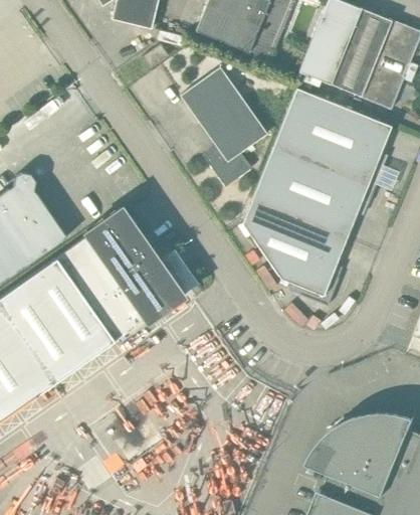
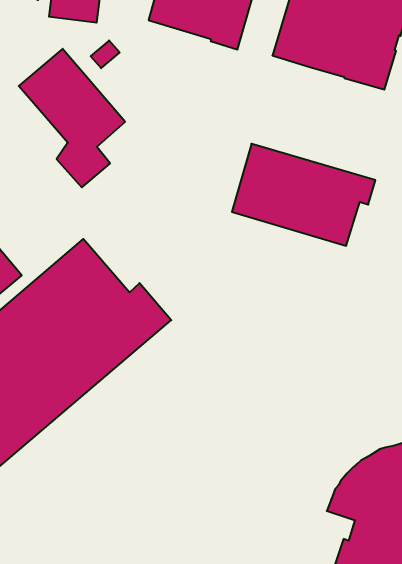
building: [180,66,267,186] -> [19,49,125,187]
building: [273,88,392,185] -> none
building: [242,200,346,306] -> none

